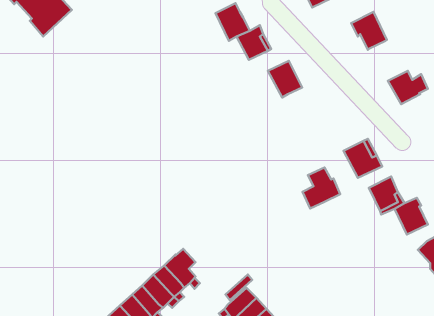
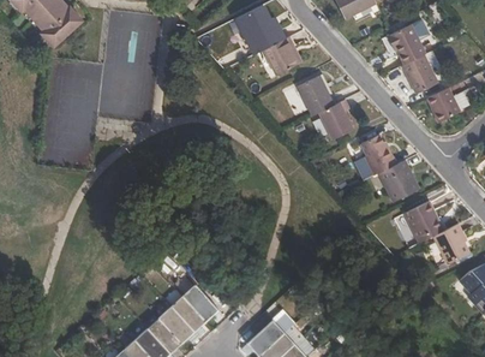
building: none -> [405,54,437,91]
building: none -> [317,100,352,139]
building: [302,167,340,209] -> [353,136,394,180]

